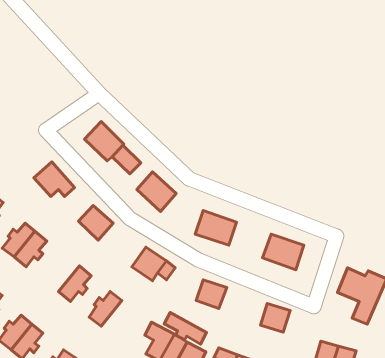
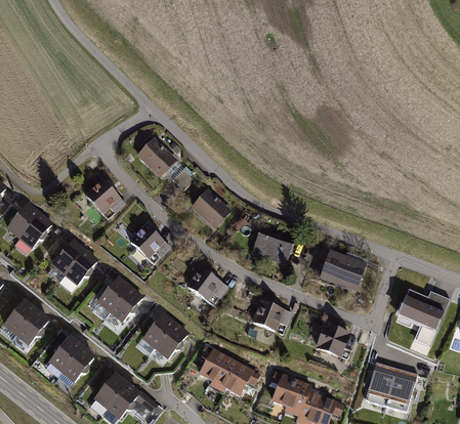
building: none -> [96,278,130,312]
building: none -> [153,322,185,357]
building: [164,312,207,344] -> none

